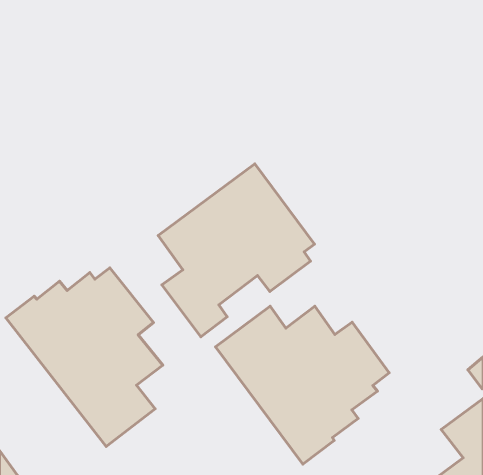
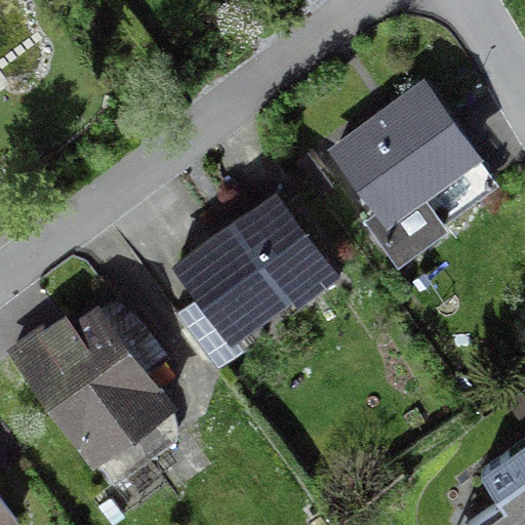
building: none -> [327,79,500,268]
building: [216,306,389,464] -> none

